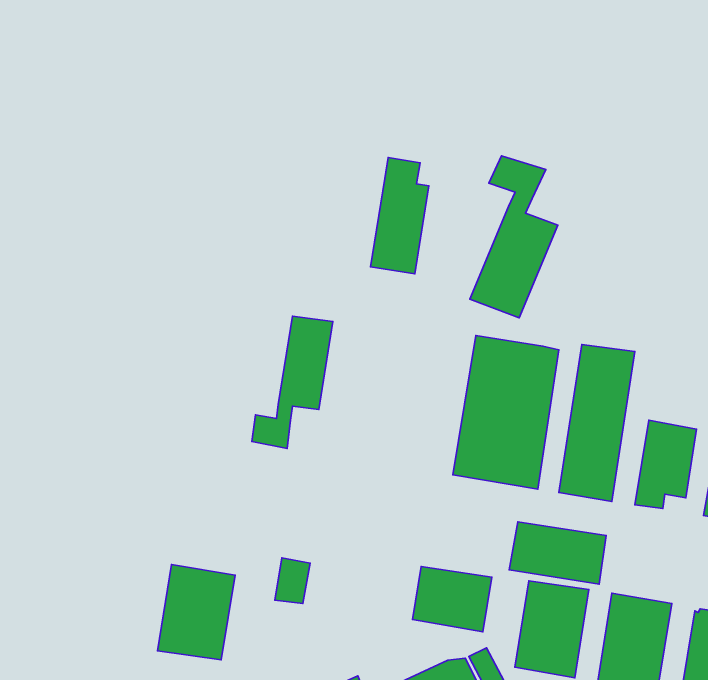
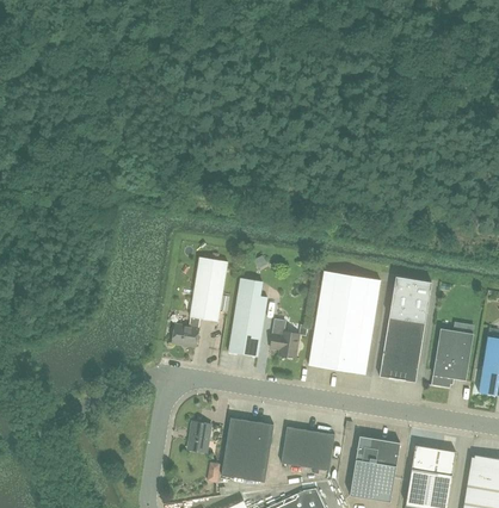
building: [470,156,558,318] -> none
building: [371,157,429,274] -> [228,278,267,357]
building: none -> [270,332,298,358]
building: [509,522,606,584] -> none
building: [158,564,235,660] -> [221,417,273,482]

